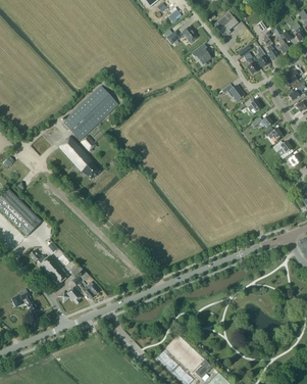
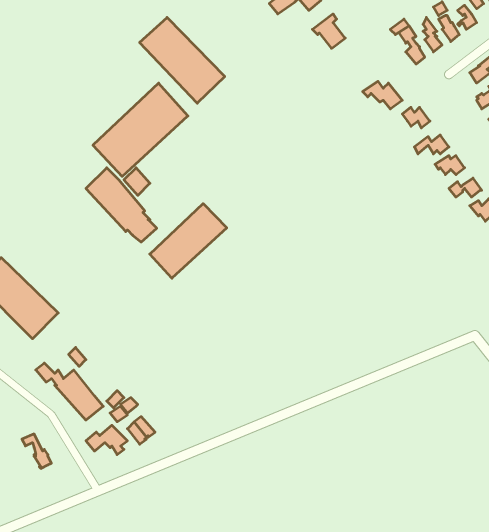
building: none -> [140,17,225,103]
building: none -> [150,204,227,278]

